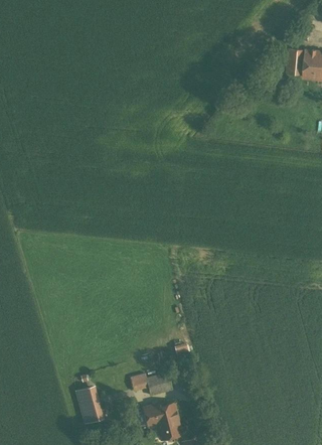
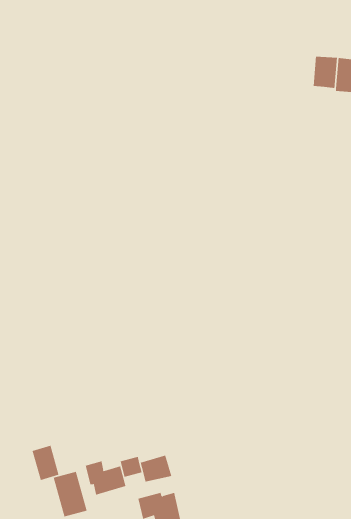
building: none -> [32,445,59,481]
building: none -> [85,461,126,495]

